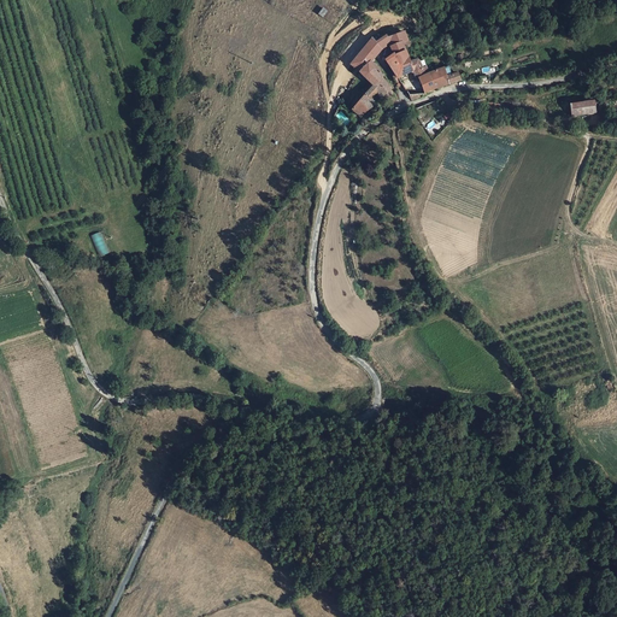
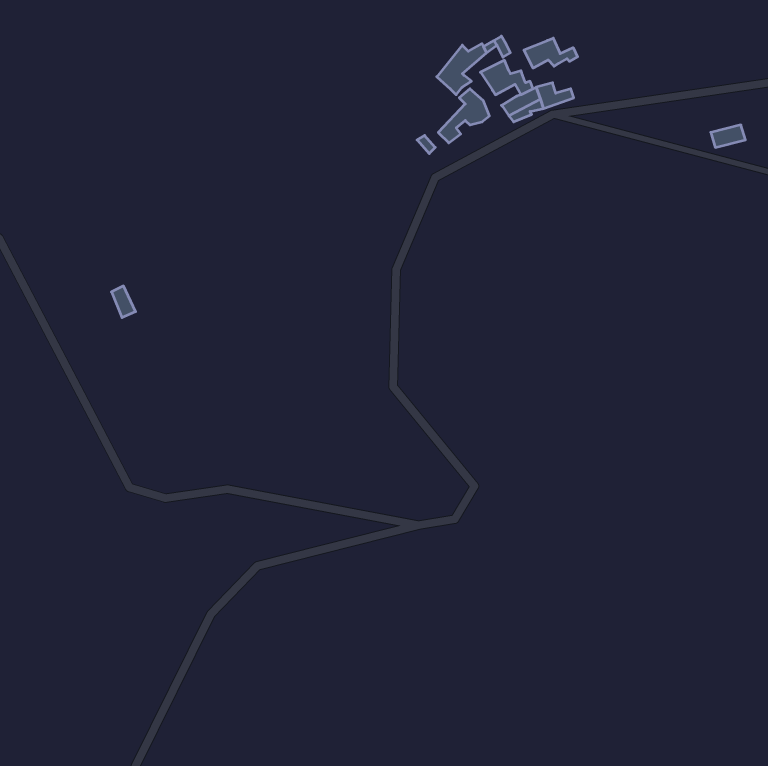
building: none -> [524,38,578,68]

